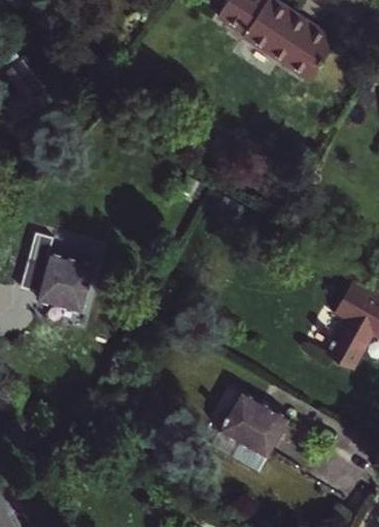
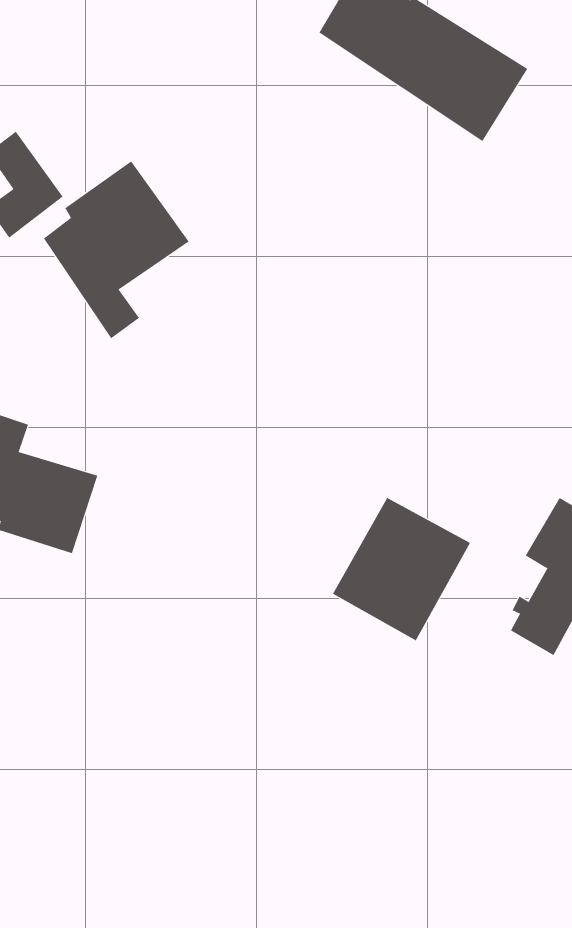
building: none -> [43,161,190,339]
building: [209,394,287,476] -> [332,497,471,641]

